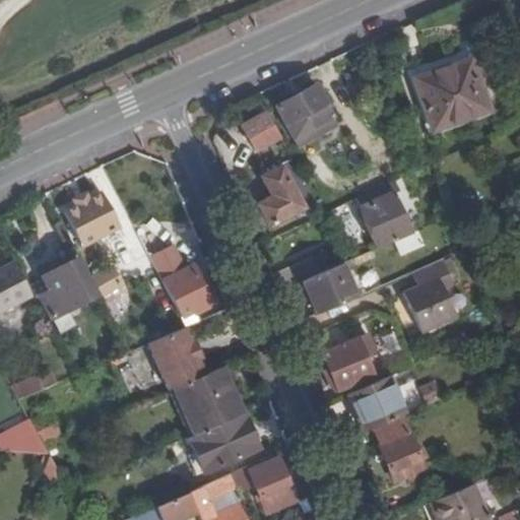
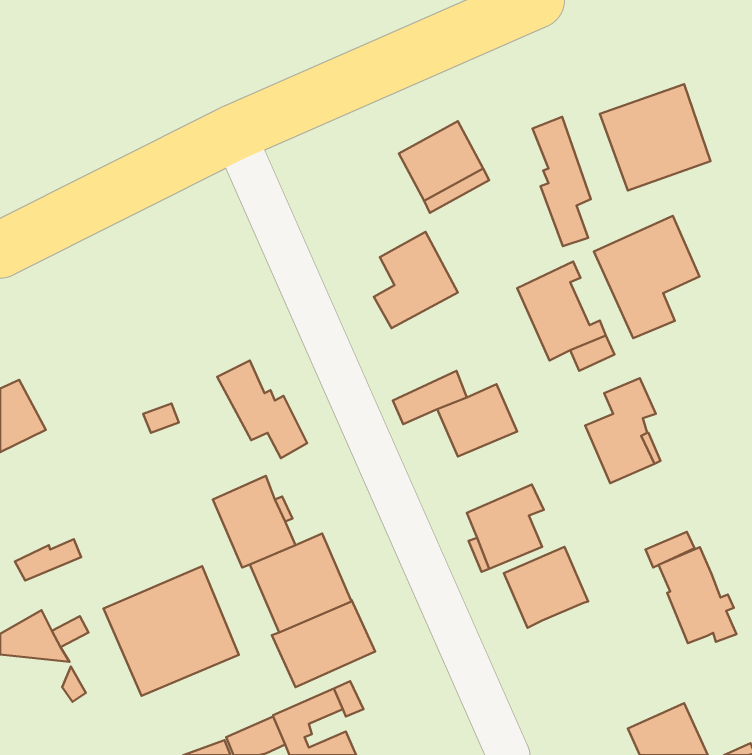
building: none -> [532,117,591,246]
building: [243,112,281,150] -> none
building: none -> [594,216,699,338]
building: [64,192,125,246] -> none
building: [41,259,96,332] -> none
building: none -> [103,566,239,696]
building: [375,414,429,480] -> [658,547,737,643]
building: [250,463,298,513] -> none

